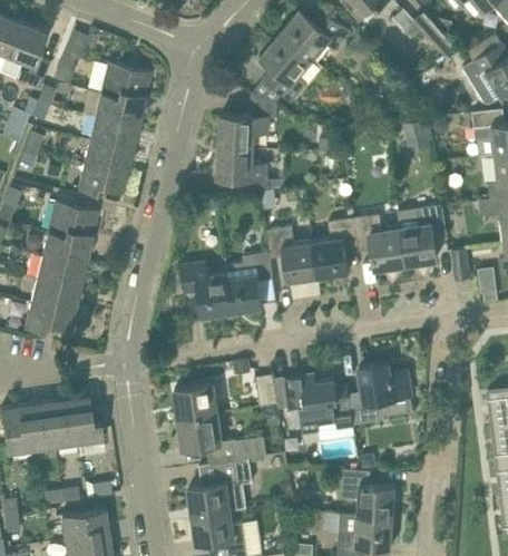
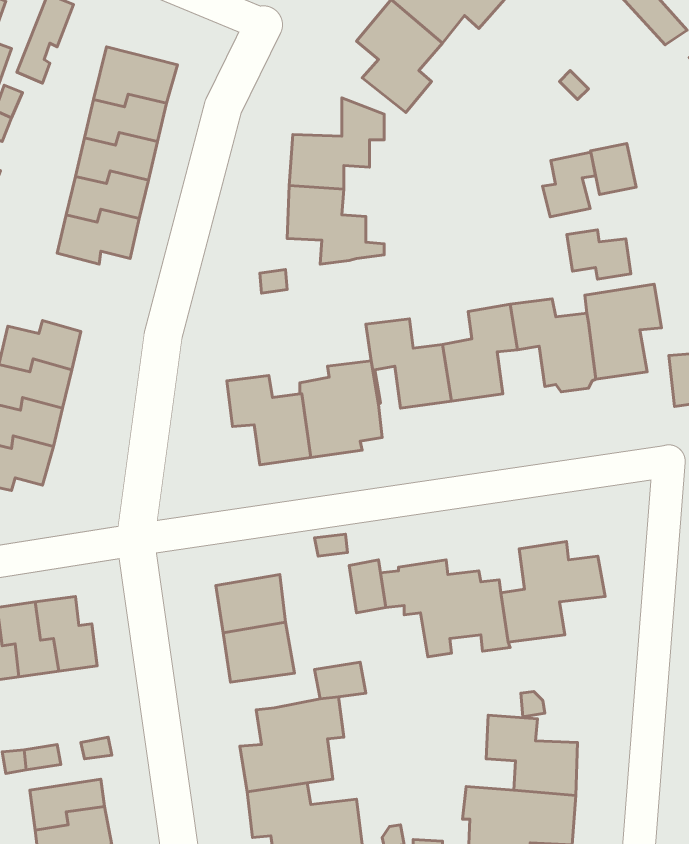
building: none -> [542,152,596,217]
building: none -> [567,230,631,279]
building: [48,201,98,236] -> none

